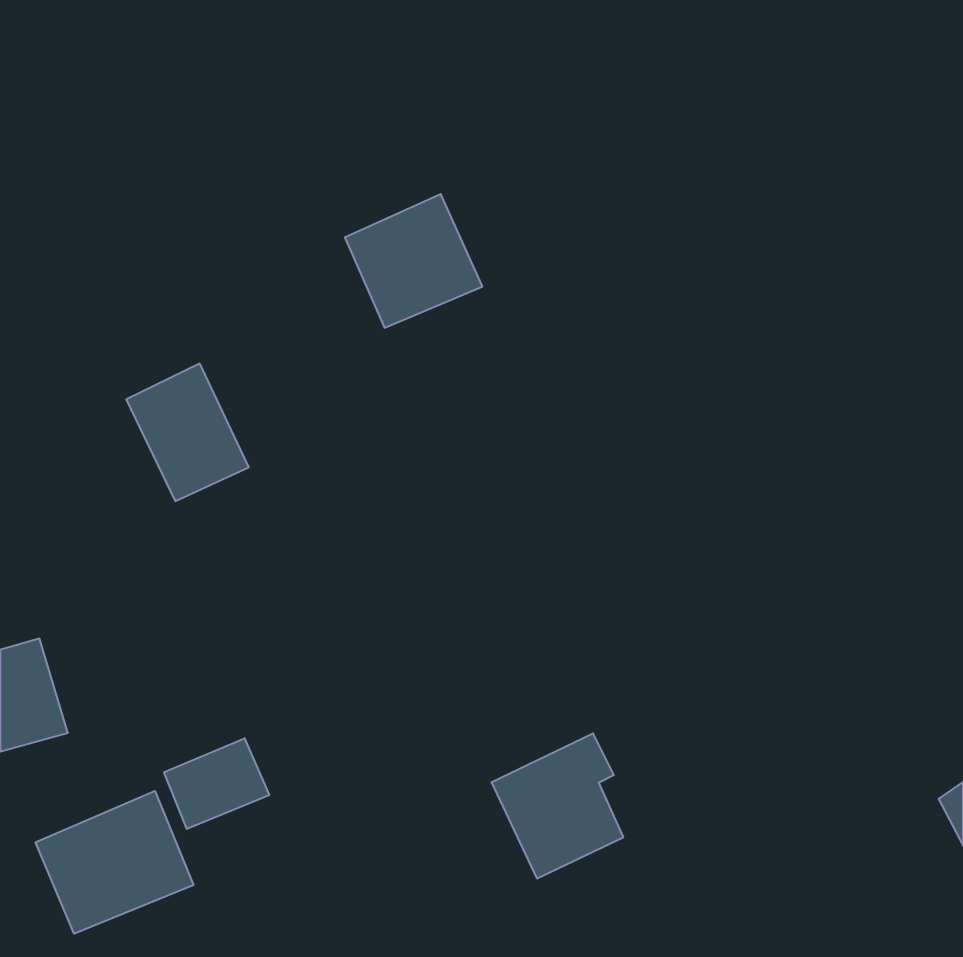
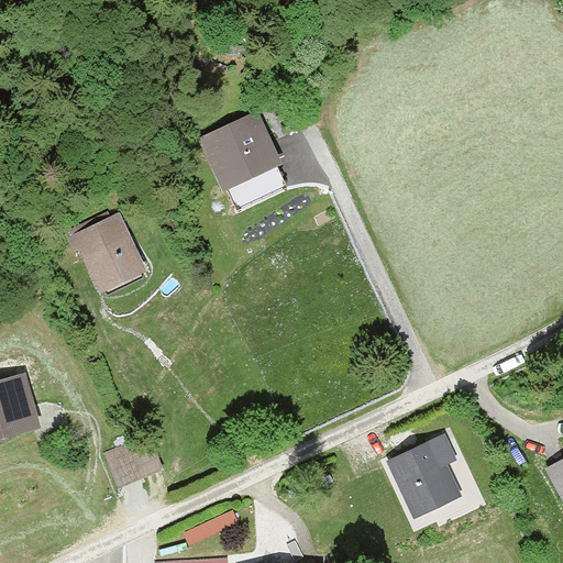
building: [491,733,623,878] -> [385,434,462,519]
building: [36,791,193,934] -> none

